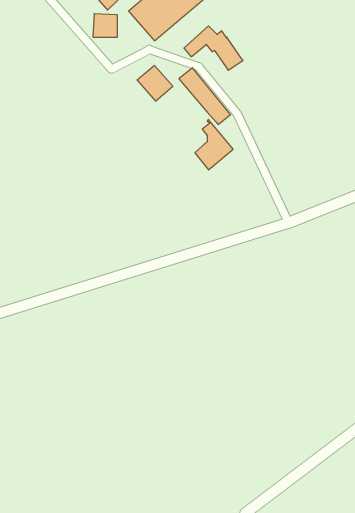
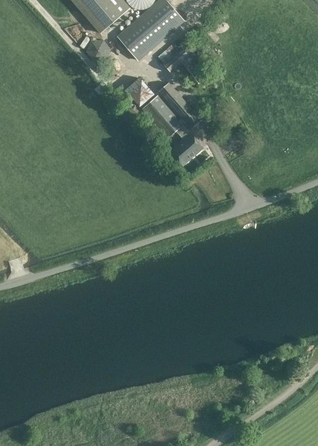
building: none -> [142,94,183,137]

